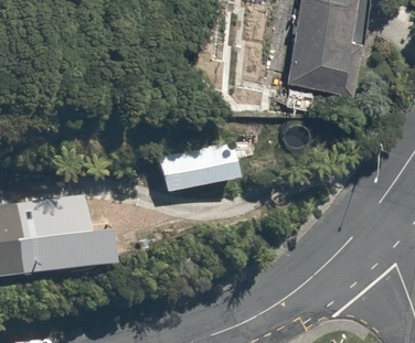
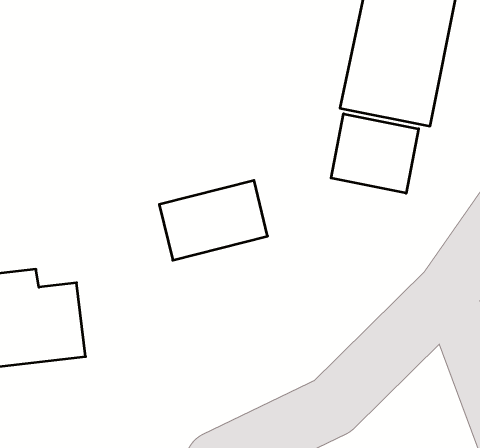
building: none -> [331,114,419,193]

